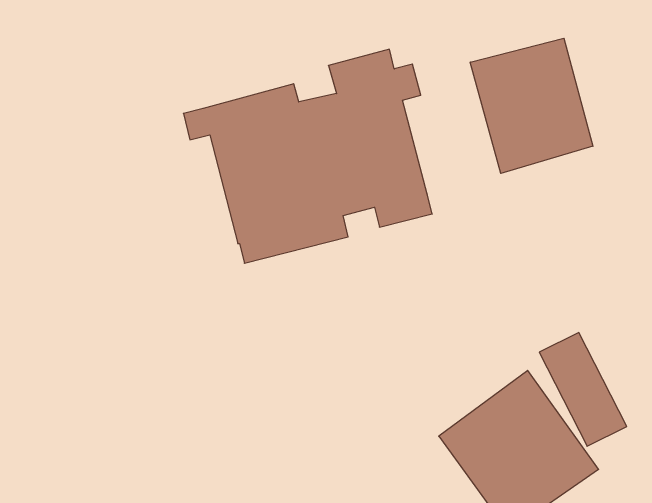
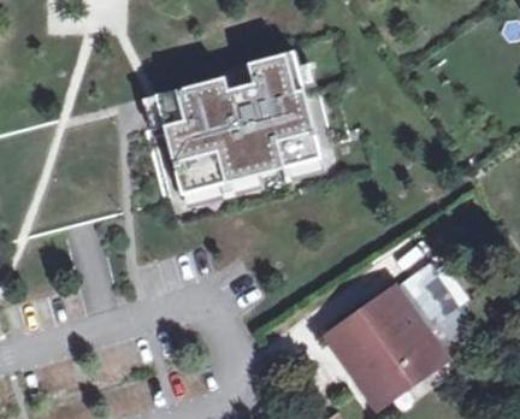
building: [470,38,593,173] -> none

